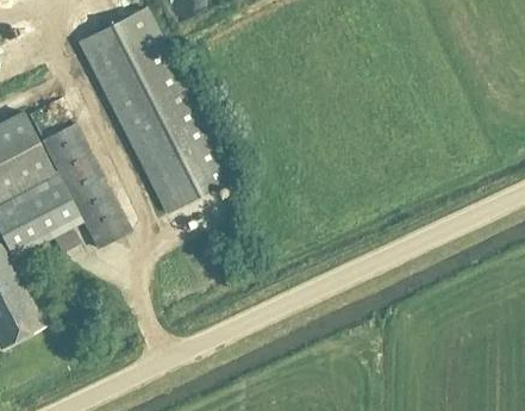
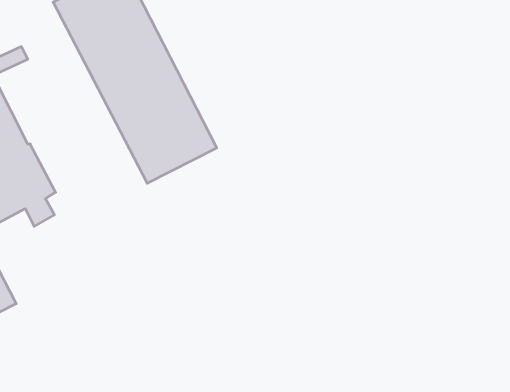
building: [40,122,132,249] -> none

